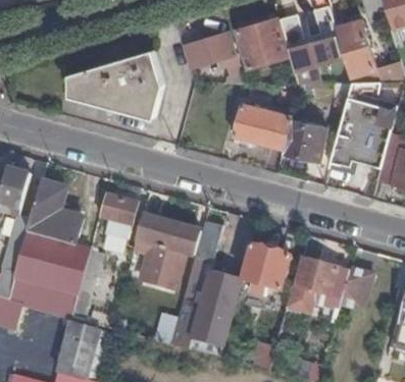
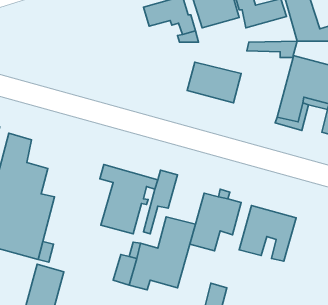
building: [70,49,163,118] -> none
building: [287,121,325,161] -> none
building: [100,194,137,233] -> none
building: [341,267,373,310] -> none

